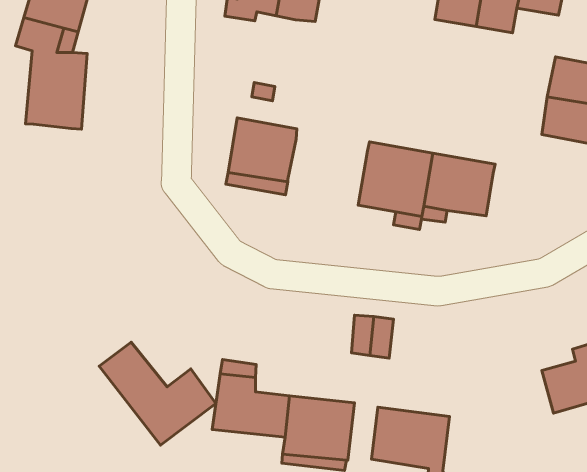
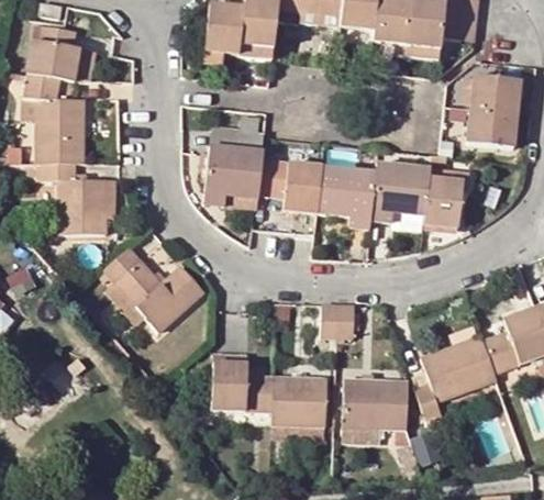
building: none -> [42,163,104,233]
building: none -> [258,159,323,211]
building: none -> [425,176,462,226]
building: [99,342,216,445] -> [104,246,204,331]
building: none -> [415,335,498,420]

